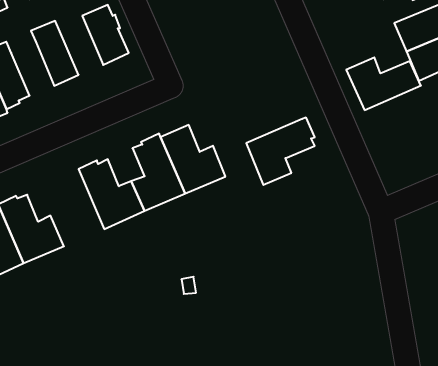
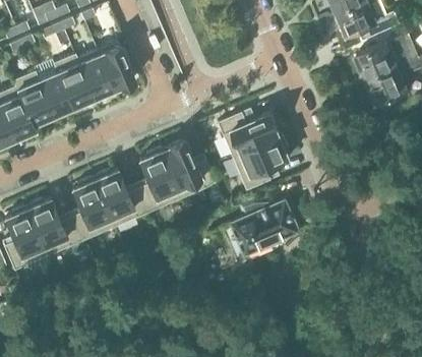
building: none -> [76,50,115,99]
building: none -> [38,71,73,116]
building: [346,57,421,110] -> [218,112,280,156]
building: none -> [70,177,115,241]
building: none -> [231,198,300,254]

